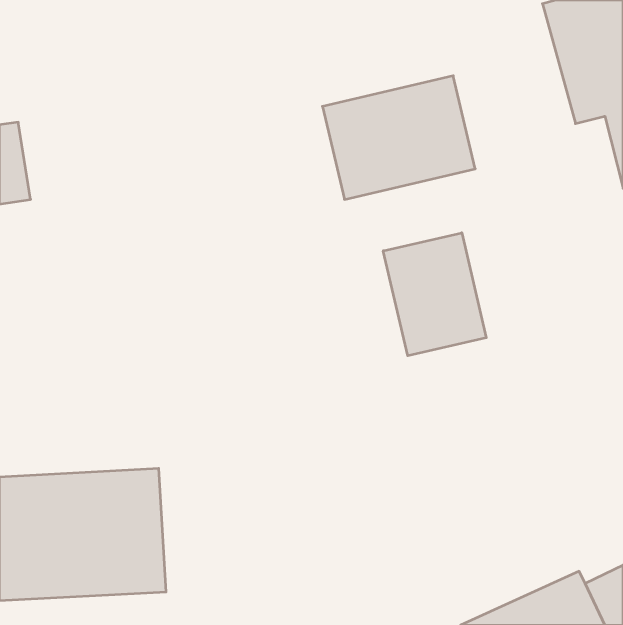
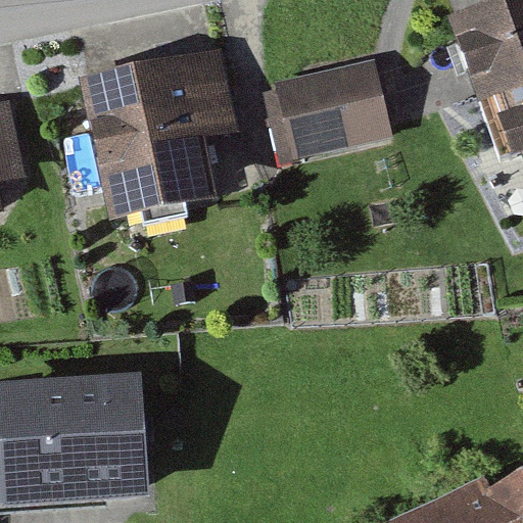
building: none -> [81,48,240,217]
building: [383,233,486,356] -> none

